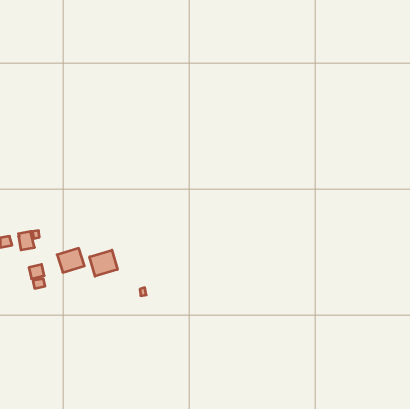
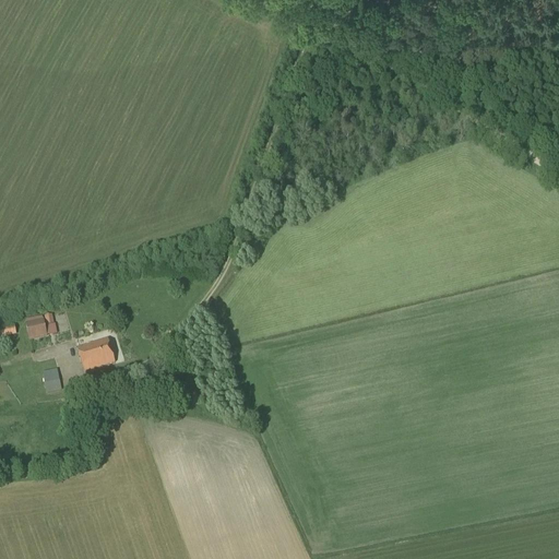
building: [90,250,117,276] -> none

